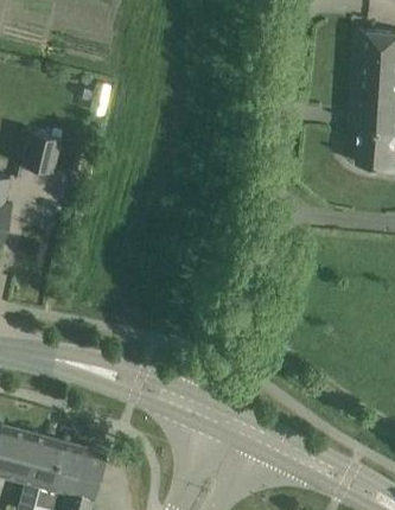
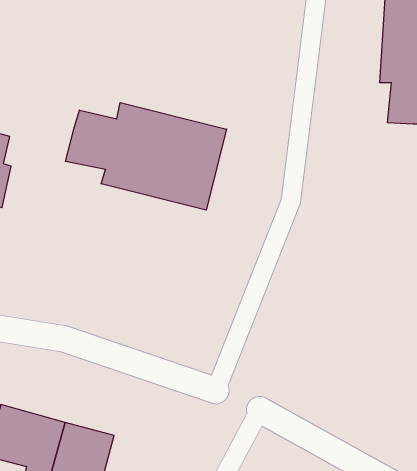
building: [20,132,60,173] -> none
building: none -> [65,103,227,210]

